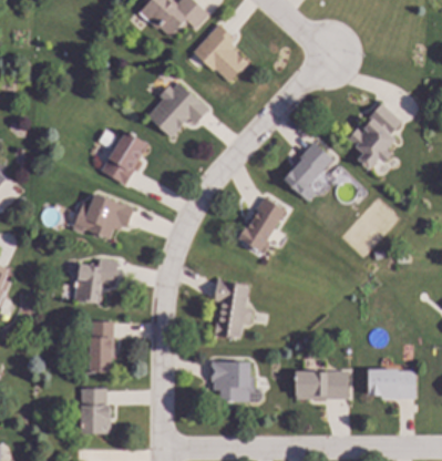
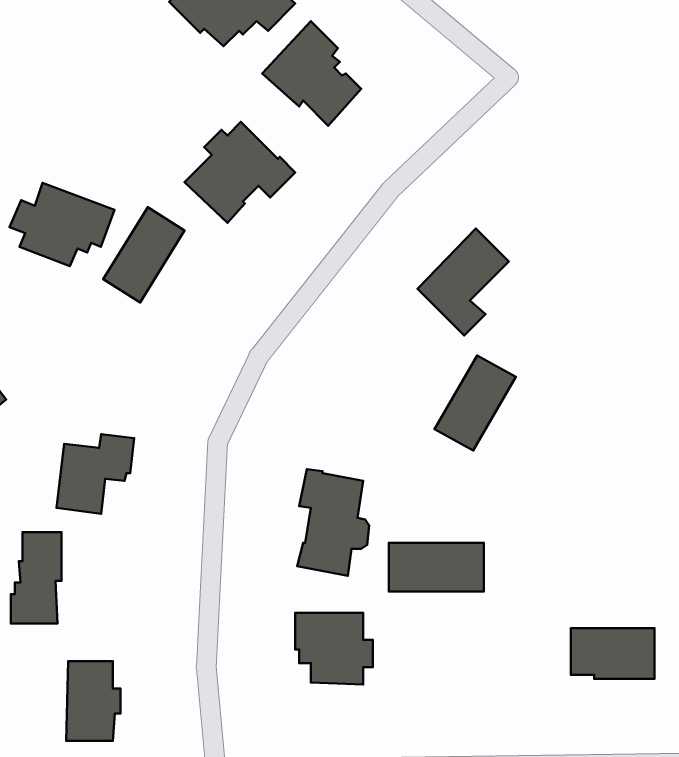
building: [348,103,402,170] -> none
building: [75,192,135,239] -> [10,183,114,266]
building: [237,197,284,252] -> [434,355,516,450]
building: [85,321,114,373] -> [11,532,61,623]
building: [295,371,349,399] -> [389,543,484,591]

